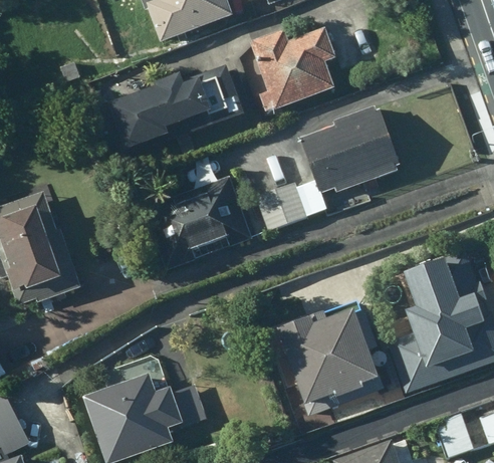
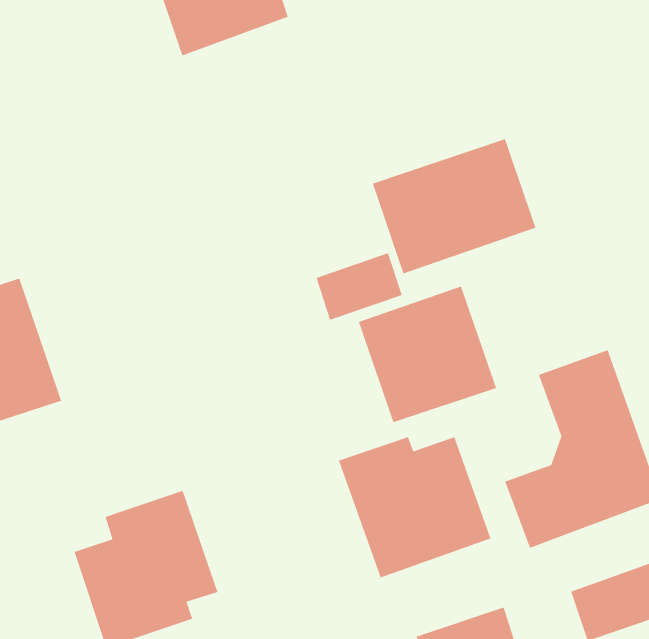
building: [240,20,334,111] -> none
building: [101,64,243,155] -> none
building: [158,175,254,263] -> none
building: none -> [358,286,497,423]

